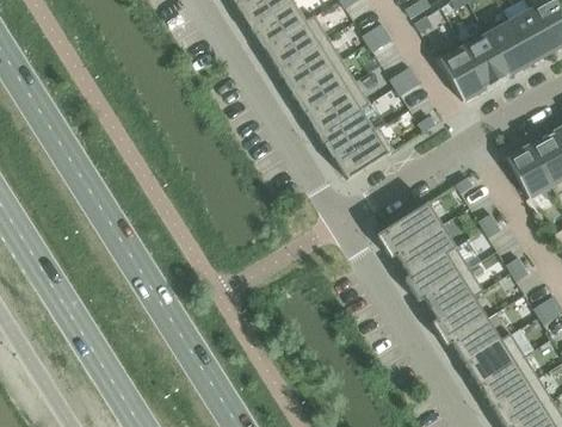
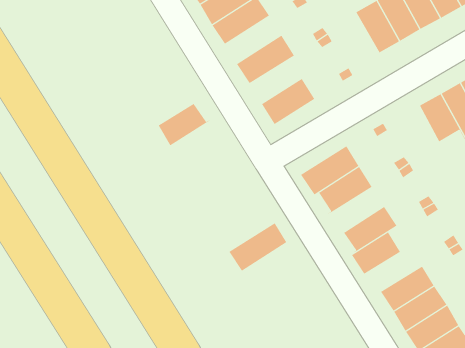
building: [294,58,357,112] -> none
building: [321,103,379,156] -> [158,97,211,146]
building: [406,247,470,301] -> [229,223,287,271]
building: [447,318,512,363] -> none

